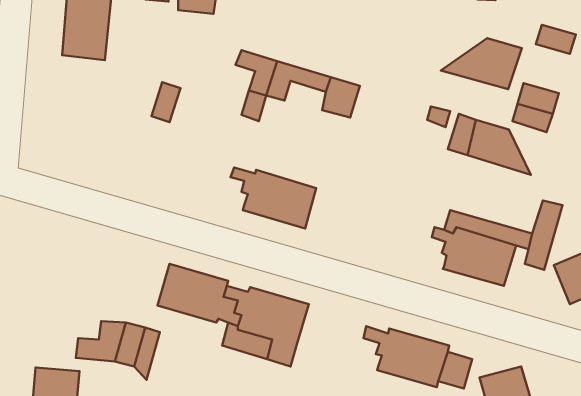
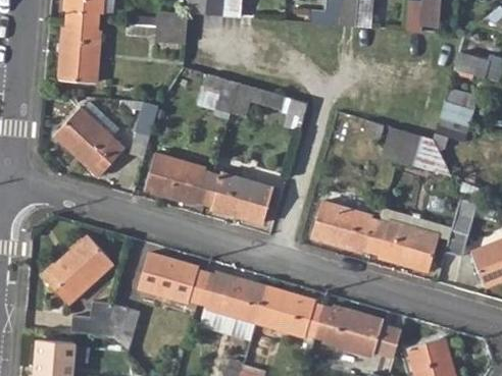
building: [441,38,522,89] -> none
building: none -> [55,108,124,175]
building: none -> [146,155,214,204]
building: none -> [311,203,381,255]
building: none -> [42,236,112,305]
building: none -> [255,286,327,338]

